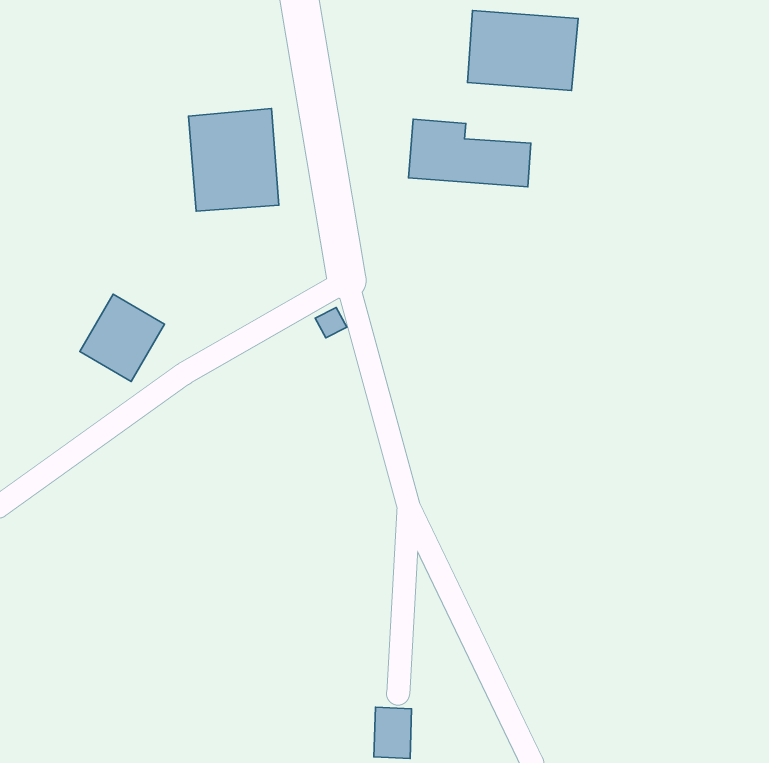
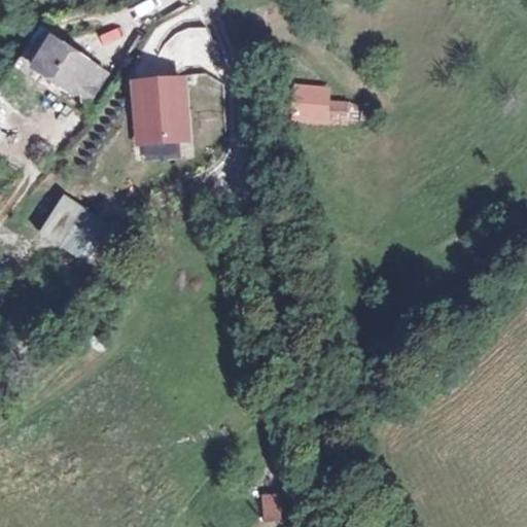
building: [467,10,578,91] -> none
building: none -> [27,33,107,105]

